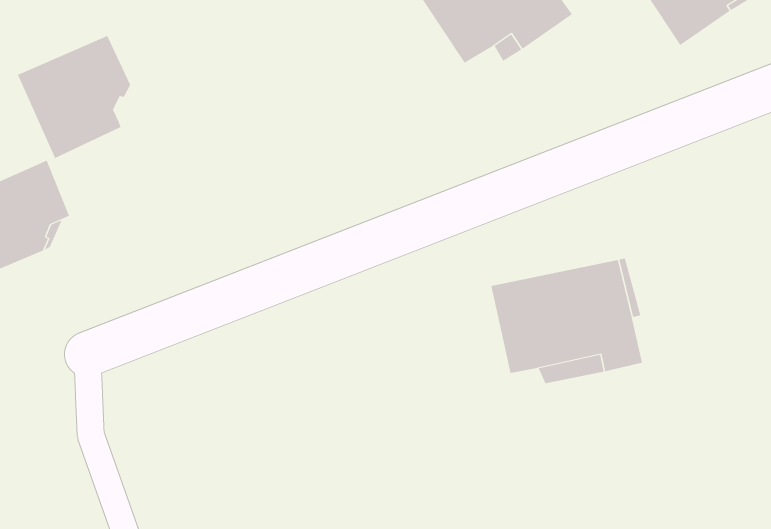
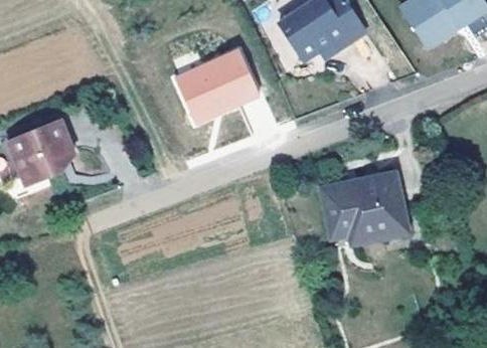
building: [17,35,131,159] -> none
building: none -> [174,49,259,125]

